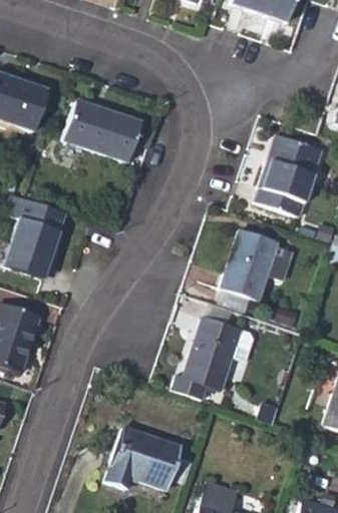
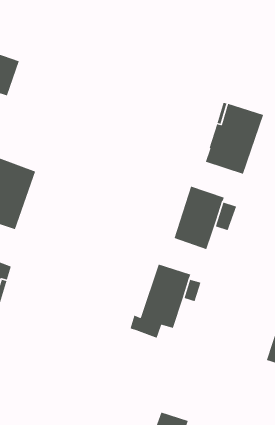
building: [63,101,141,160] -> none
building: [107,426,183,488] -> none

